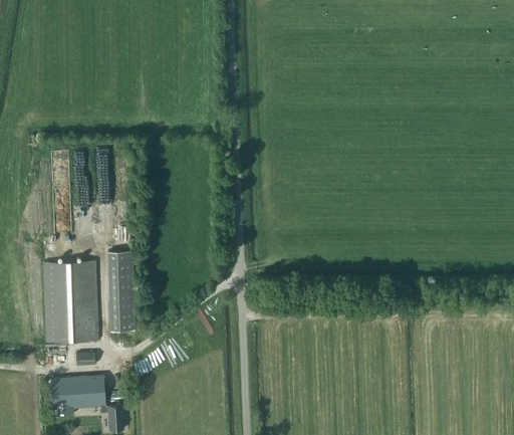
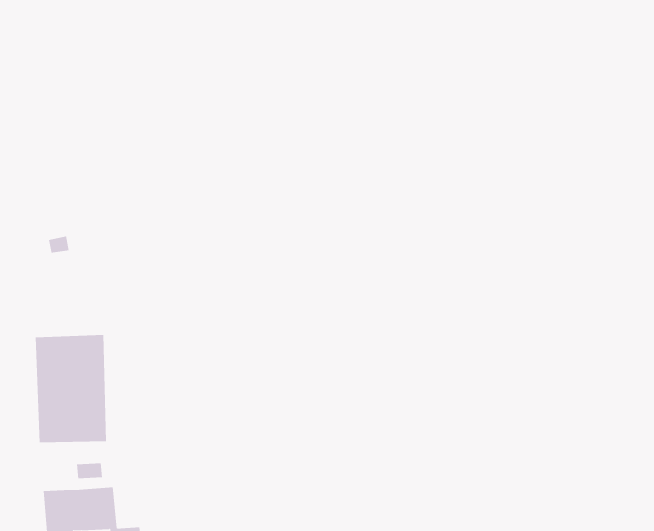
building: [106,254,135,335] -> none

